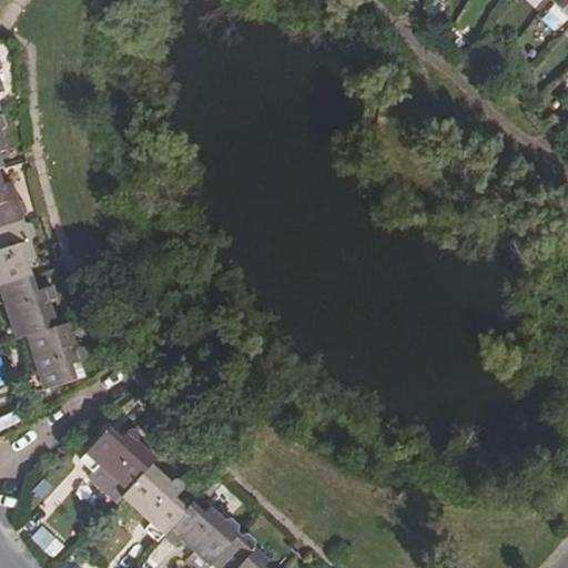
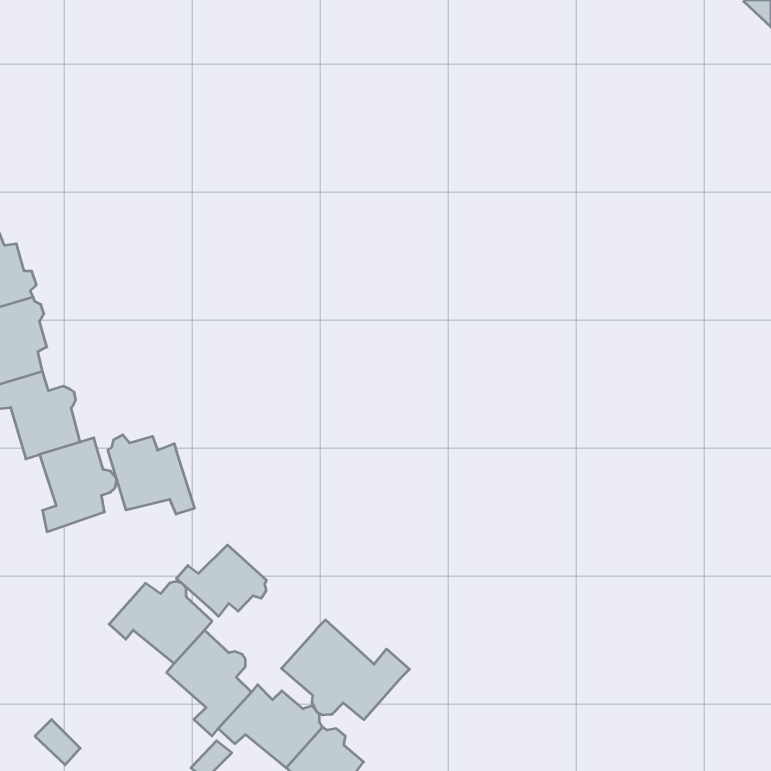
building: none -> [108,435,194,514]
building: none -> [176,545,266,616]
building: none -> [281,620,410,720]

